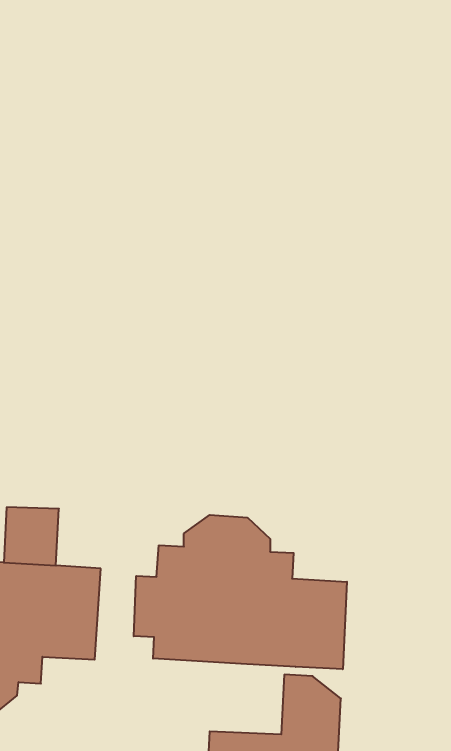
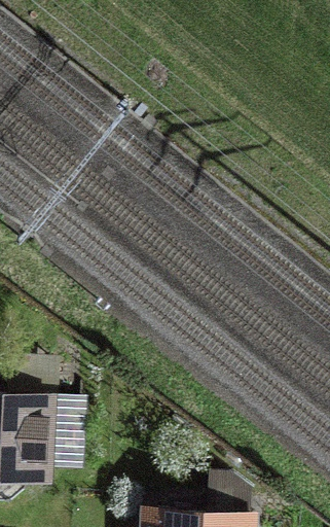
building: [134,515,347,669] -> none

